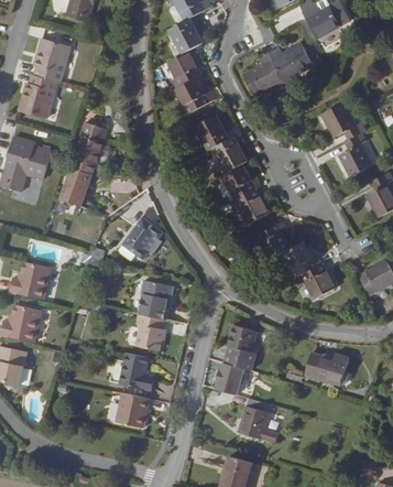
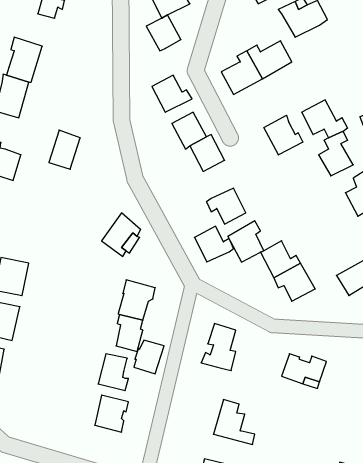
building: [167,51,201,88] -> none
building: none -> [264,115,303,155]
building: [64,163,107,210] -> none
building: [221,163,260,198] -> [194,226,234,262]
building: [214,360,243,393] -> [134,340,164,374]

